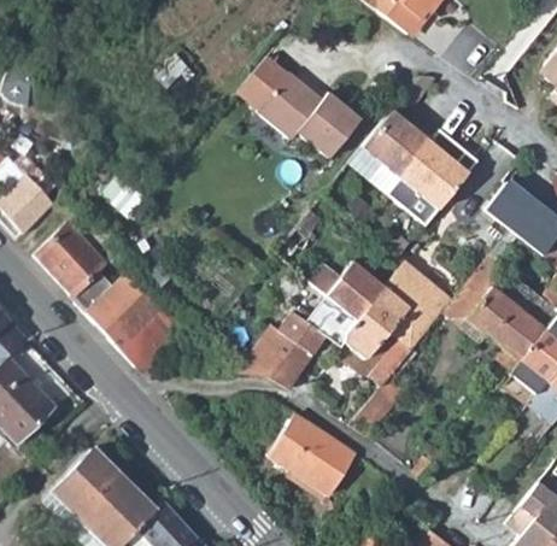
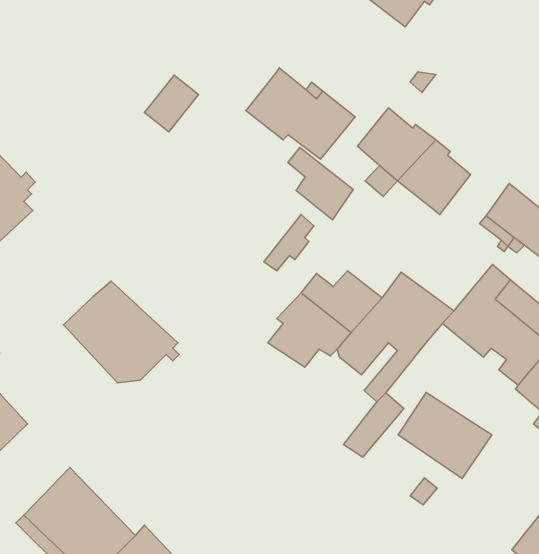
building: [238,57,288,110] -> [145,75,198,132]
building: none -> [288,147,353,220]
building: [40,223,121,312] -> none
building: [236,323,315,387] -> none
building: [269,415,357,495] -> [398,392,492,478]

